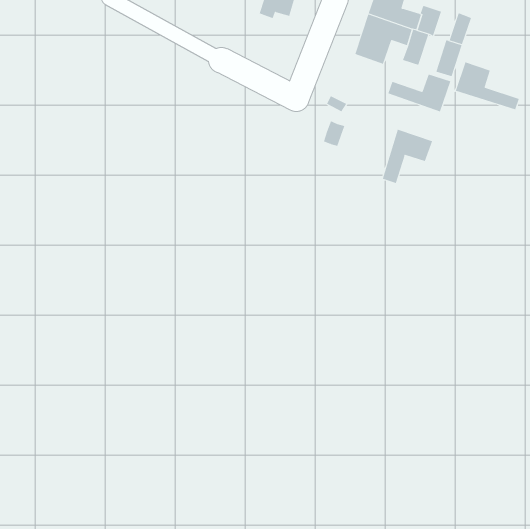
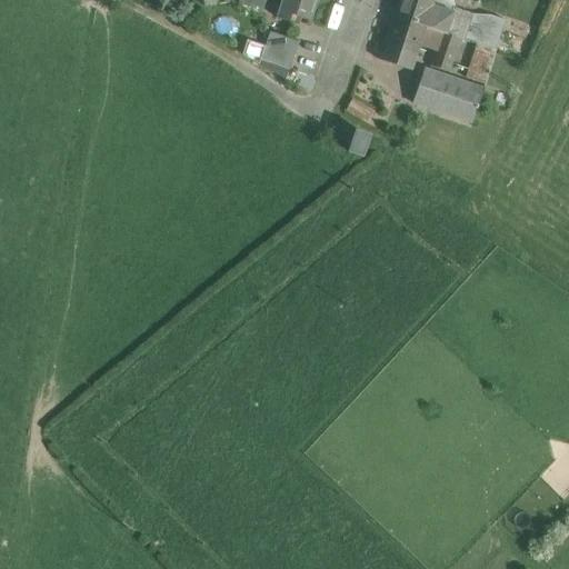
building: none -> [260,30,299,68]
building: [455,61,519,110] -> none
building: none -> [420,68,459,98]
building: [382,129,433,184] -> none

